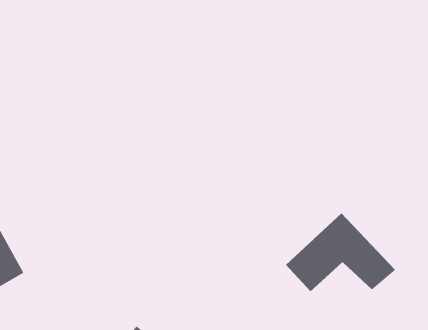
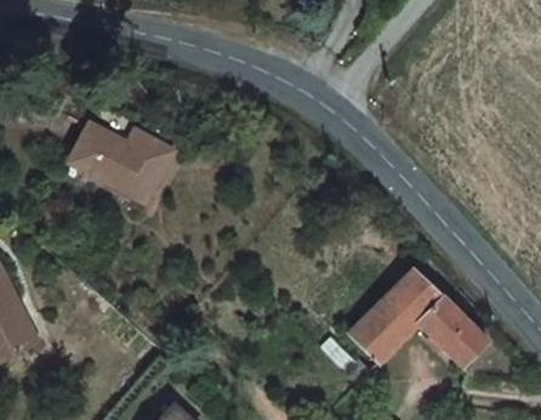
building: none -> [70,126,173,200]

